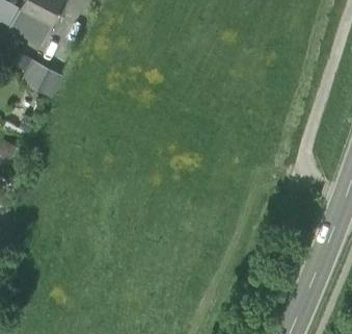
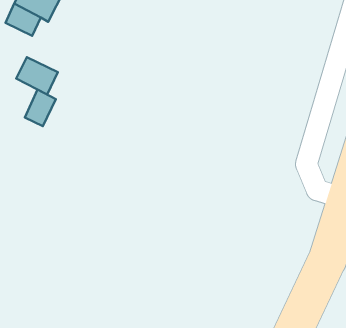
building: none -> [25,89,56,126]

